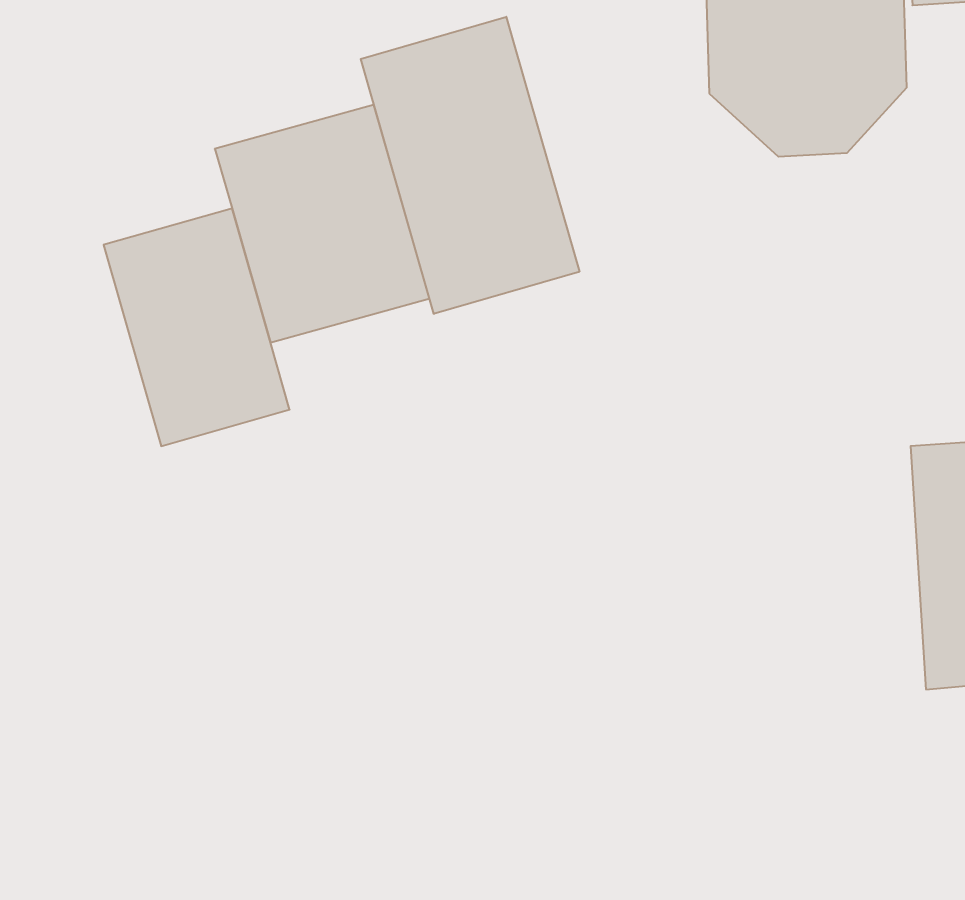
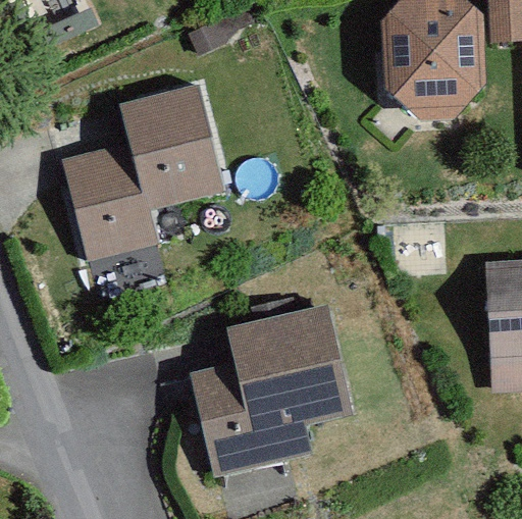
building: [361,17,579,314] -> none
building: none -> [192,308,359,462]

